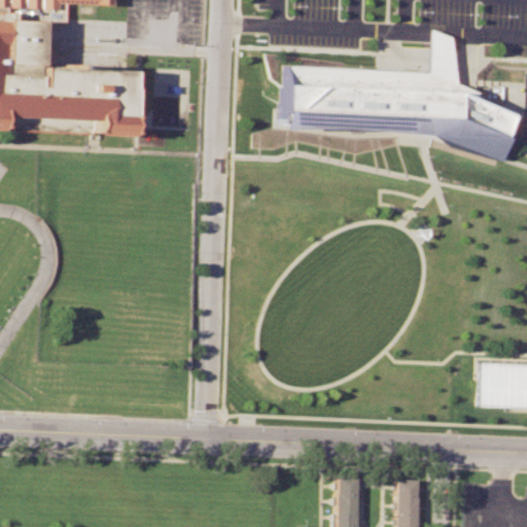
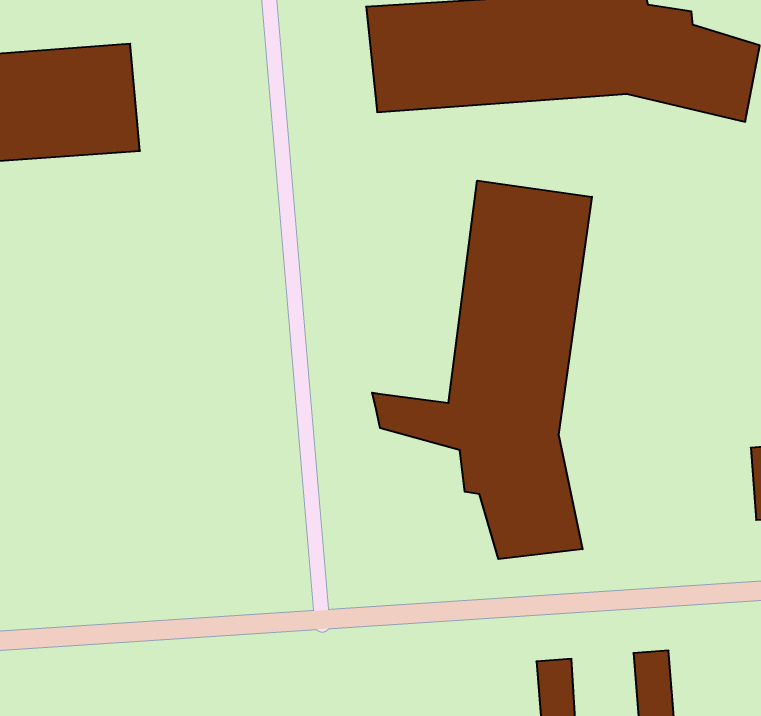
building: none -> [372,181,592,559]

